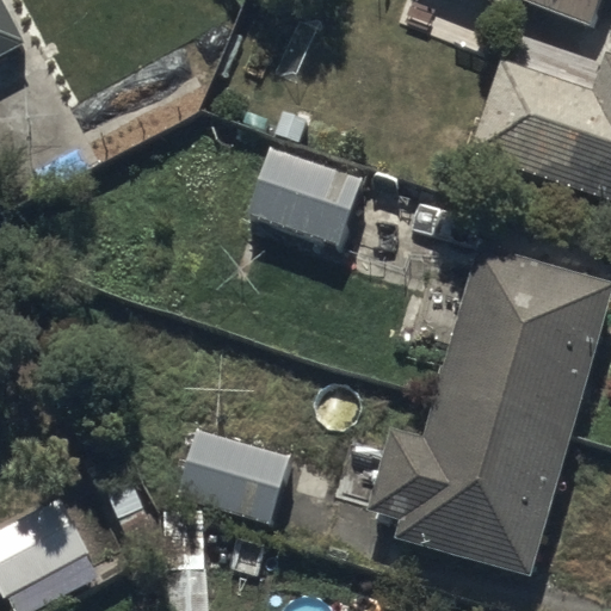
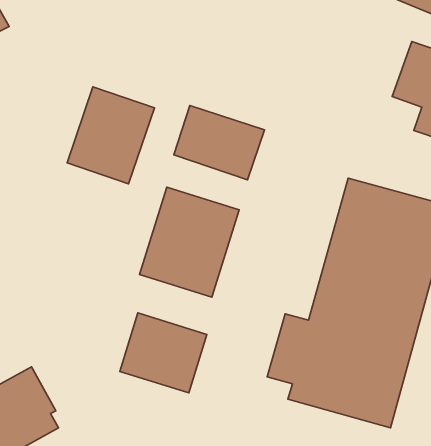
building: none -> [67,87,154,184]
building: none -> [139,187,239,297]

